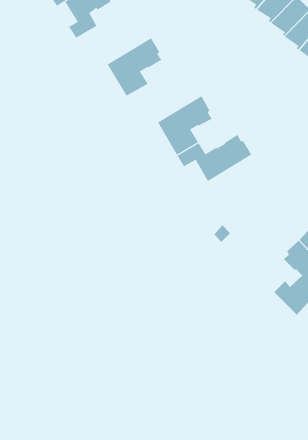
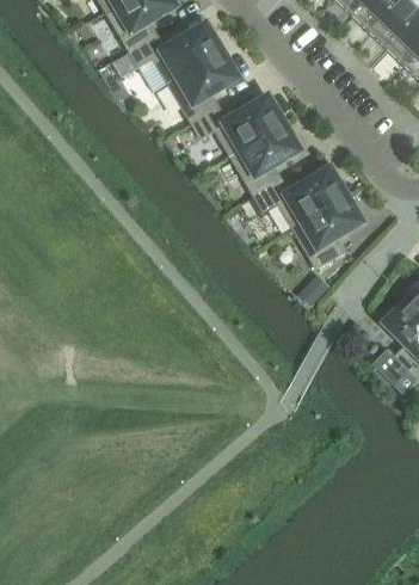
building: none -> [131,24,224,81]
building: none -> [193,96,286,153]
building: none -> [294,192,362,265]

